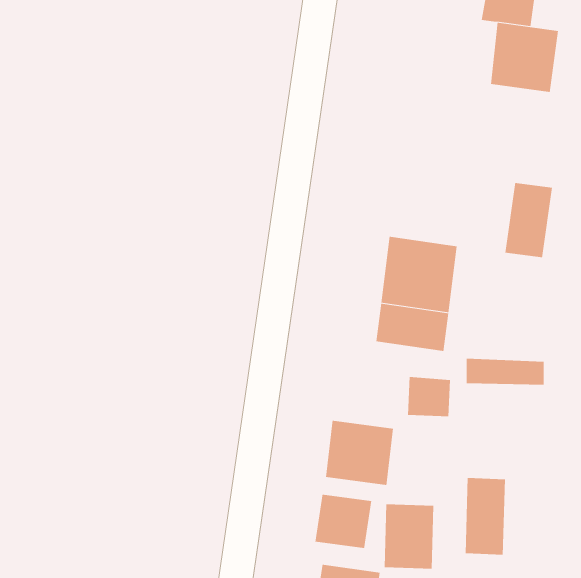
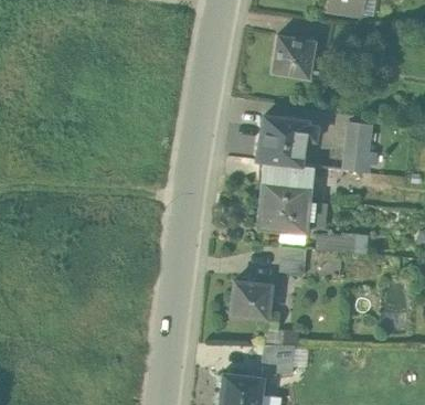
building: [490,22,559,93] -> [272,31,317,77]
building: none -> [256,105,312,162]
building: [465,477,505,556] -> none
building: [315,494,372,549] -> none

